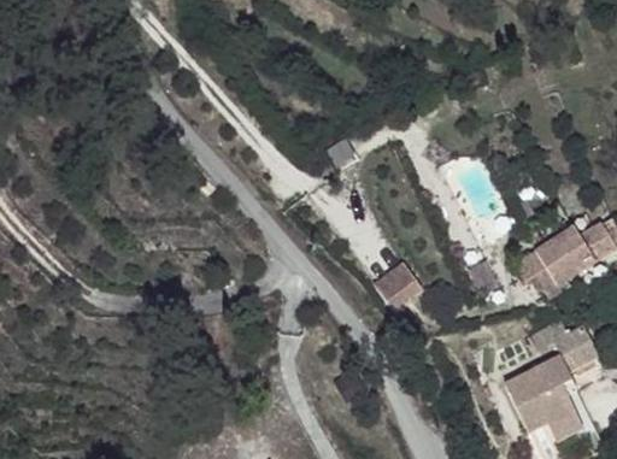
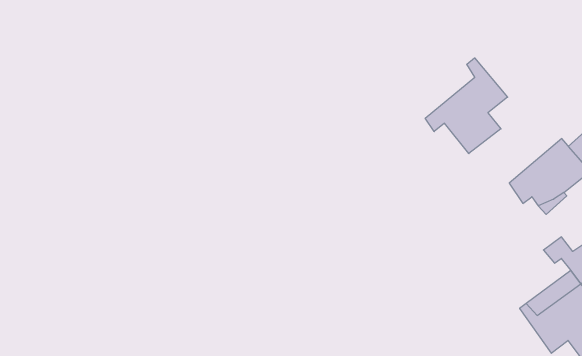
building: none -> [425,58,508,154]
building: [375,261,421,307] -> none

